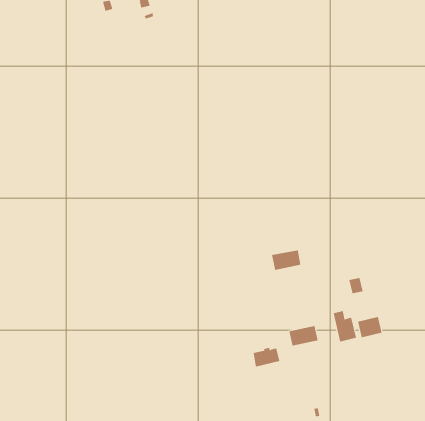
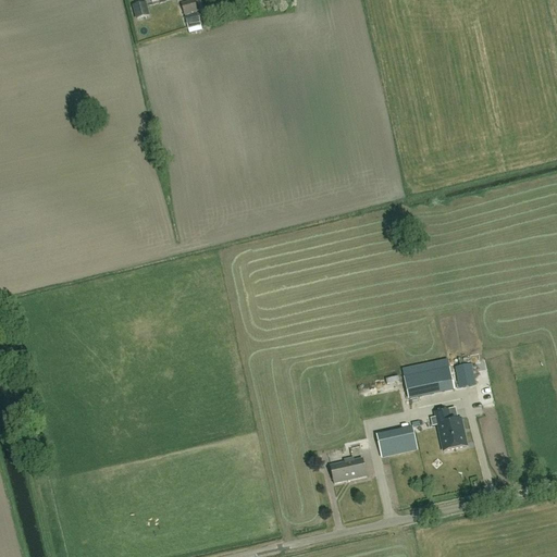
building: [271,250,301,271] -> [405,369,444,396]
building: [357,316,382,338] -> none

